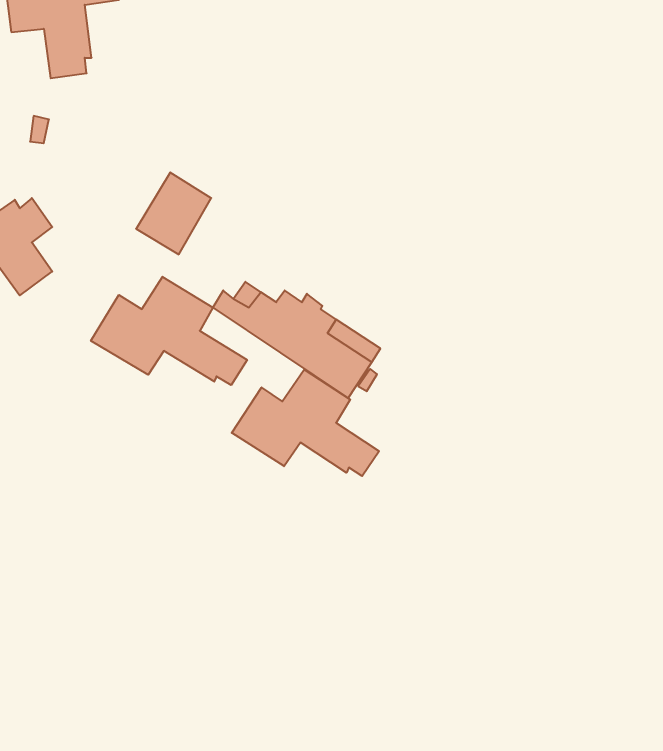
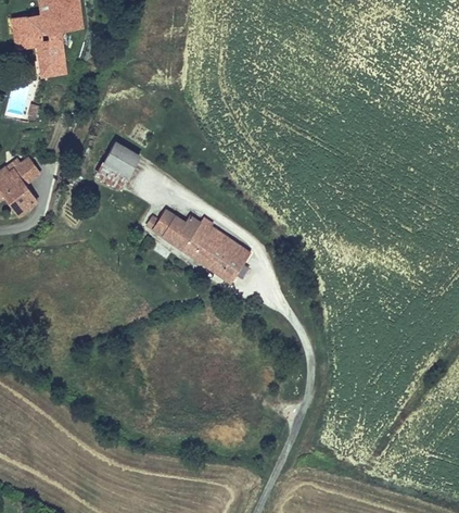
building: [91,277,247,385] -> none
building: [232,369,379,476] -> none

